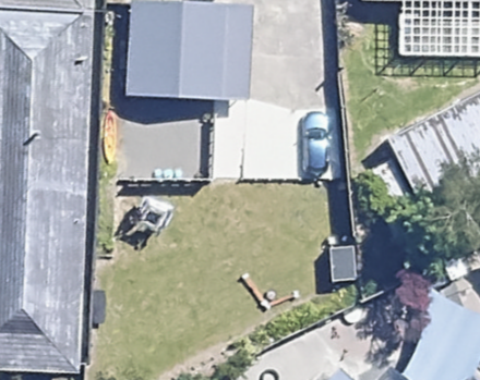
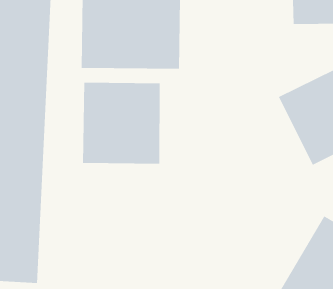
building: none -> [82,82,160,165]

